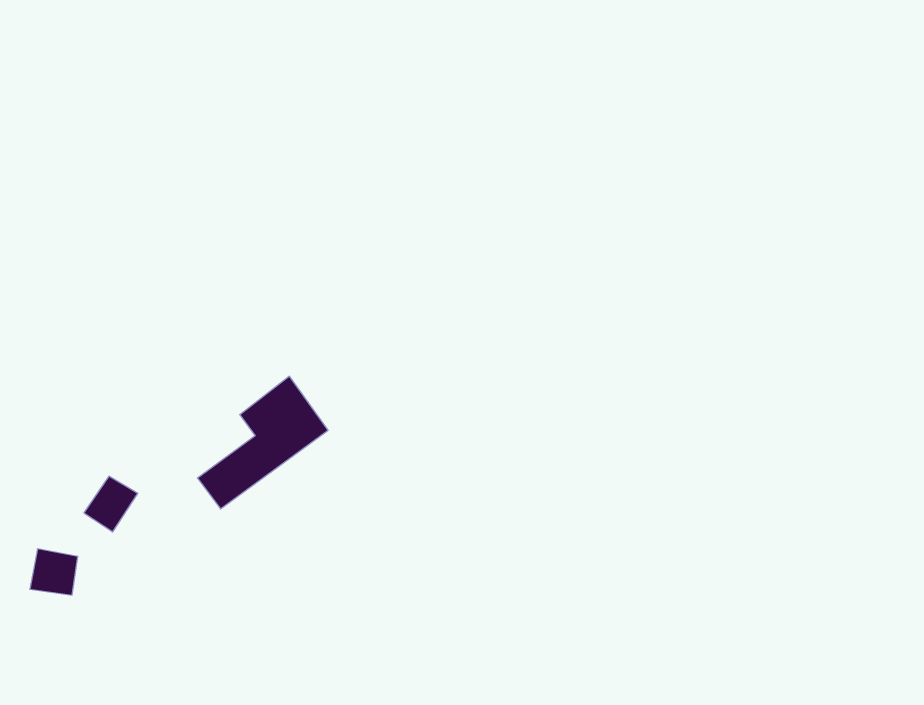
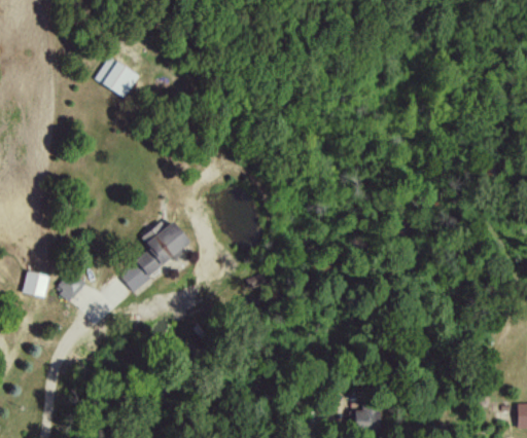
building: none -> [96,57,139,98]
building: [30,549,78,595] -> [23,271,48,296]

